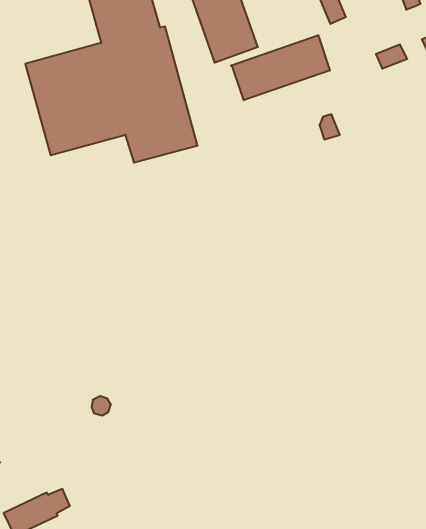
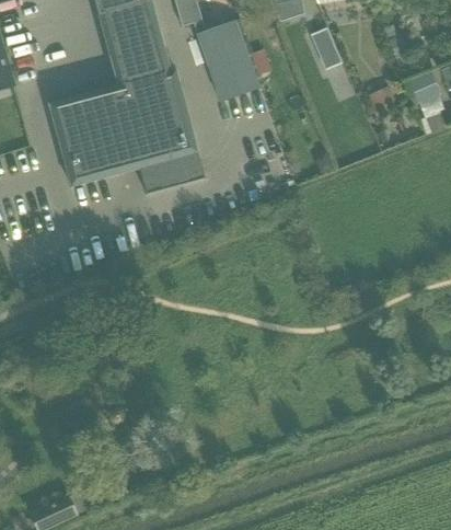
building: [231,35,330,100] -> none

